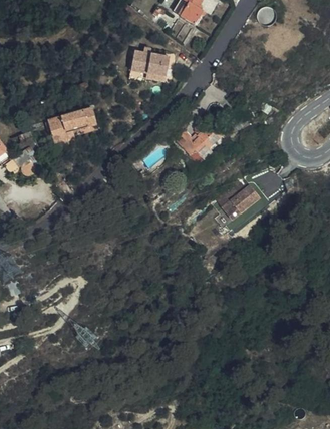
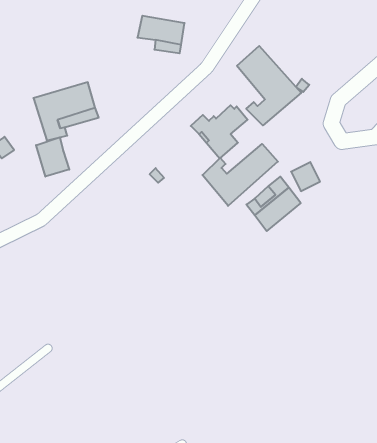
building: none -> [237,46,301,125]
building: none -> [36,137,69,177]
building: none -> [202,144,278,206]

